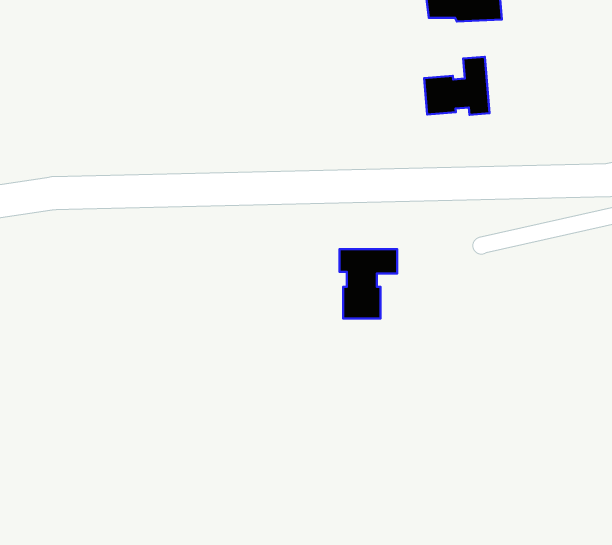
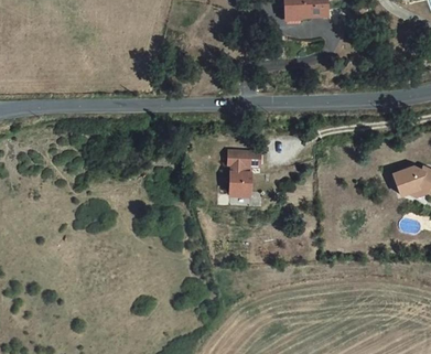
building: [424,57,489,115] -> none

